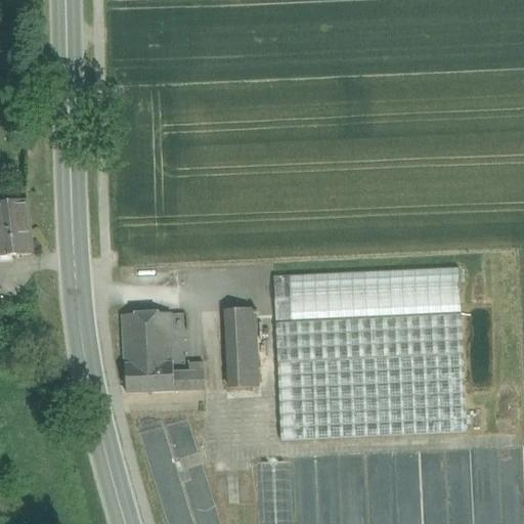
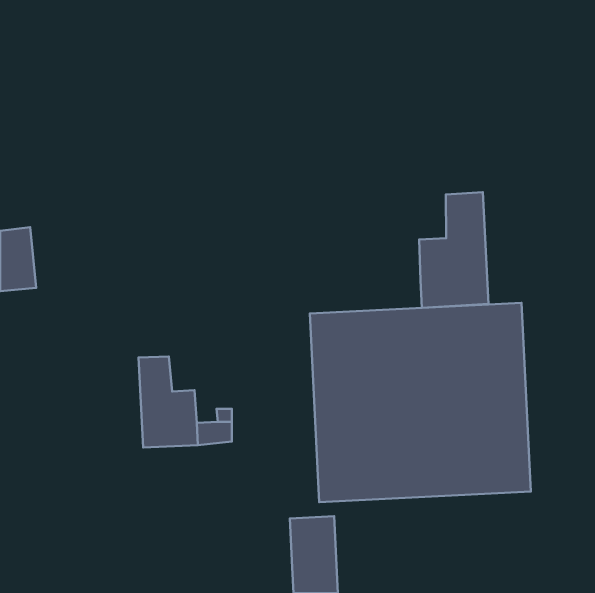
building: none -> [419,192,488,308]
building: [226,308,259,389] -> none
building: [148,312,171,344] -> none

